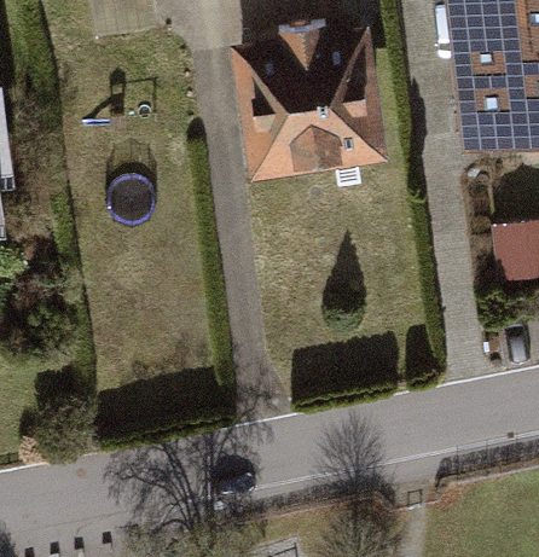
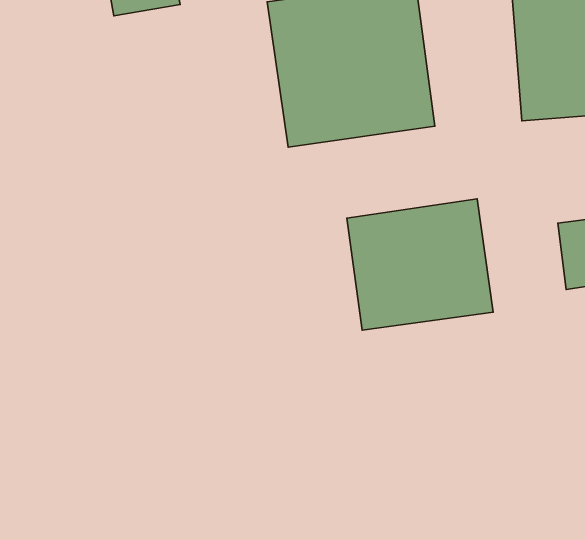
building: none -> [347,199,493,330]

